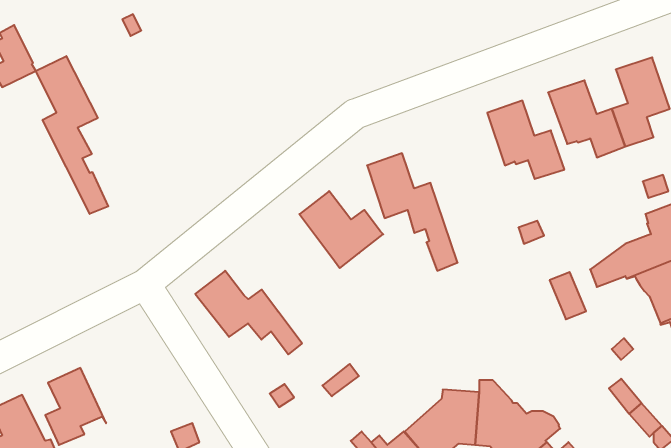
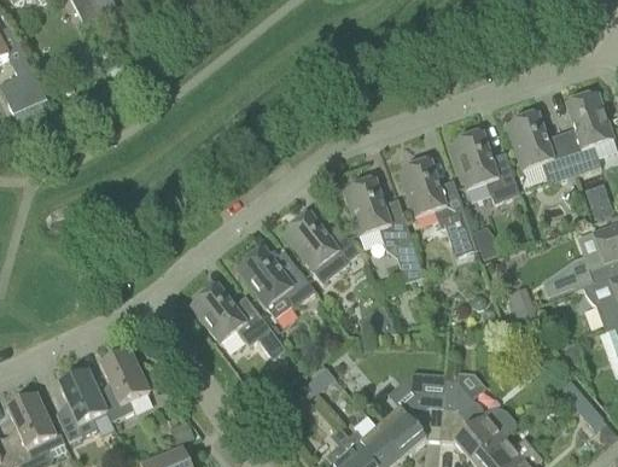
building: [36,56,108,214] -> none
building: none -> [397,157,476,255]
building: none -> [235,245,314,305]
building: none -> [87,348,148,418]

